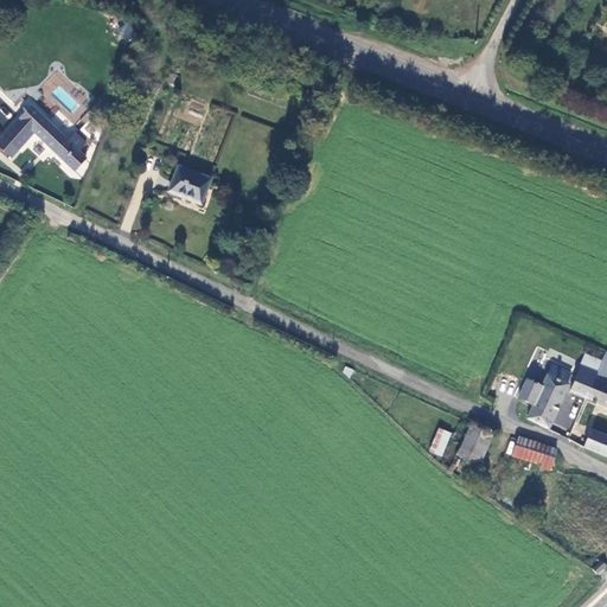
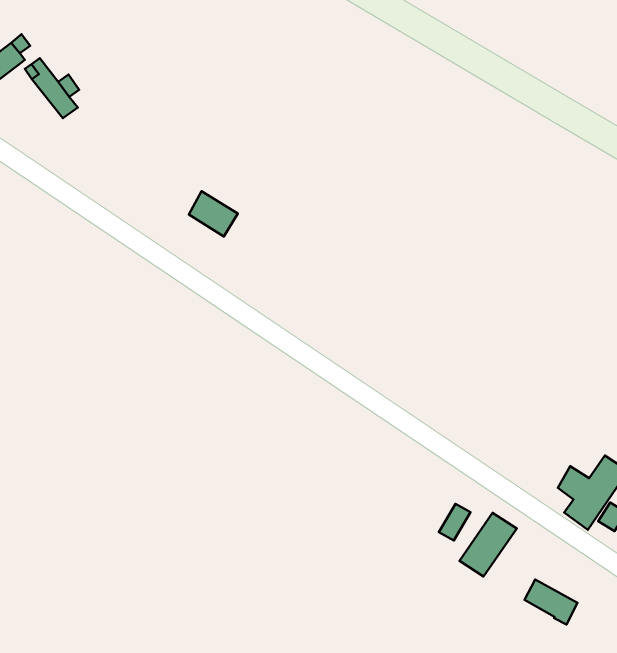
building: [171,166,210,199] -> [189,191,238,237]
building: [513,435,556,467] -> [524,579,577,625]

